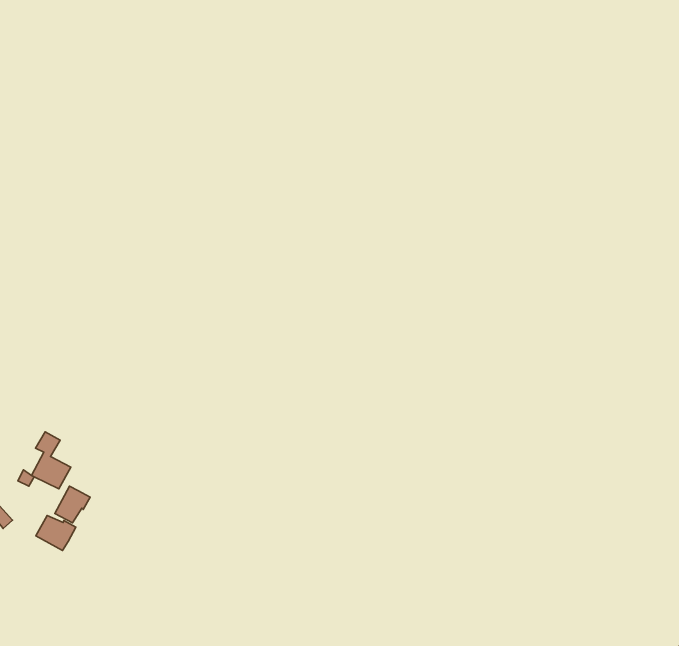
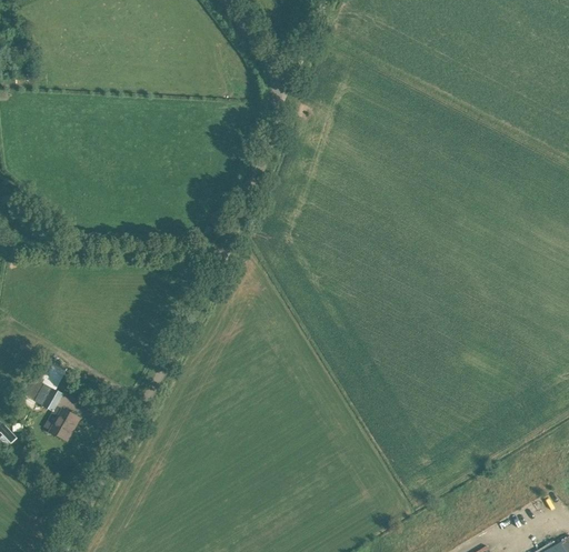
building: [36,515,76,551] -> none

